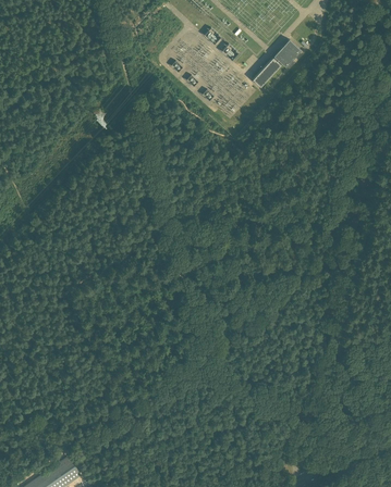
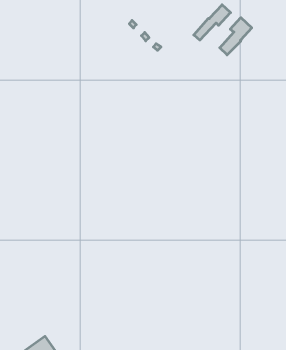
building: none -> [220,18,252,55]

